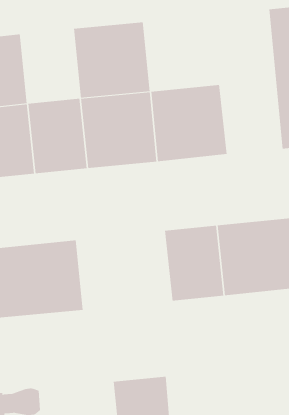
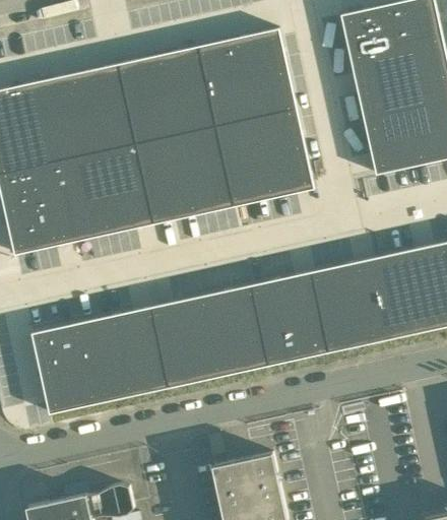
building: none -> [199,29,296,126]
building: none -> [59,64,136,156]
building: none -> [151,284,269,387]

